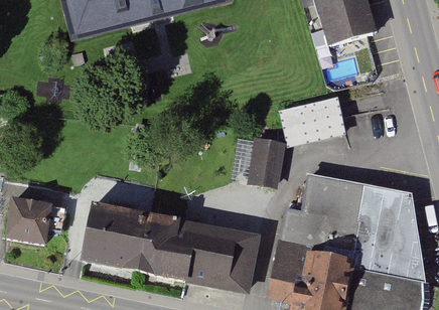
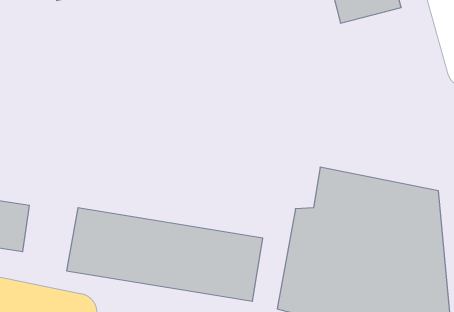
building: [280,95,344,148] -> none
building: [245,138,281,189] -> none

